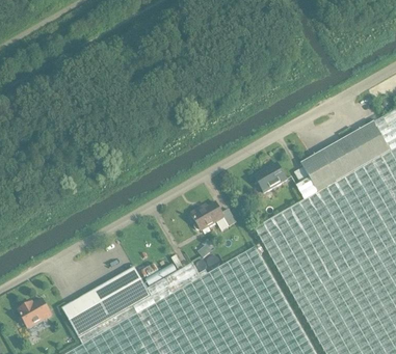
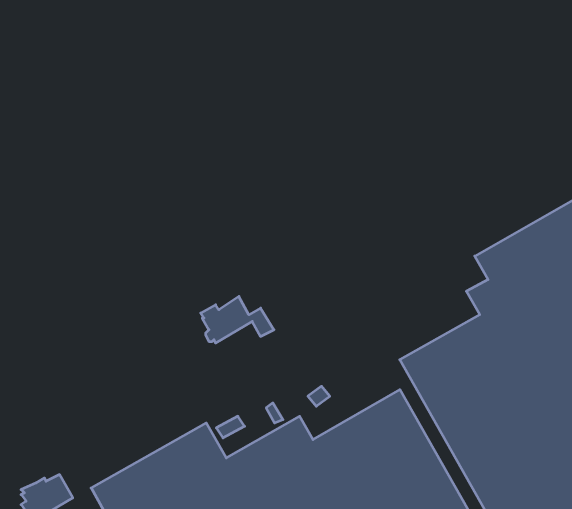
building: [255,164,287,194] -> none
building: [191,203,237,233] -> [201,296,274,343]

